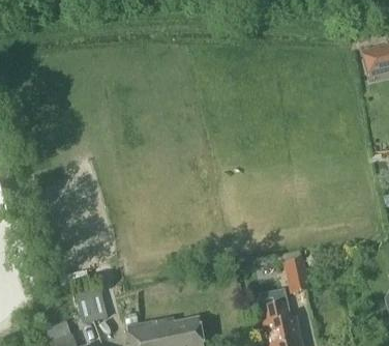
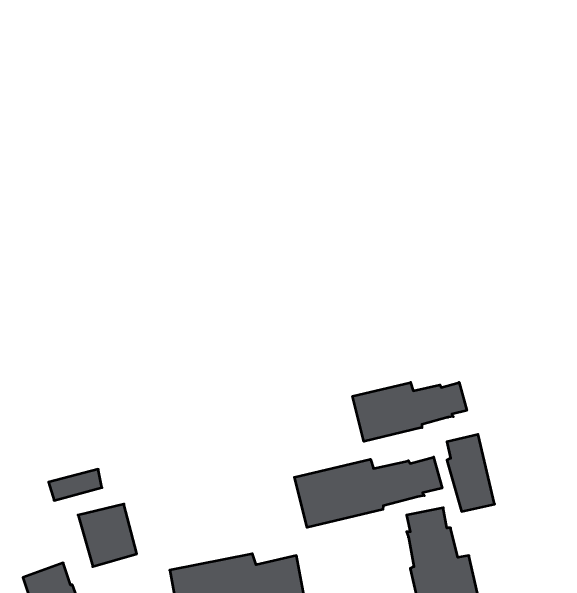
building: none -> [353,382,467,441]
building: none -> [294,457,442,527]

